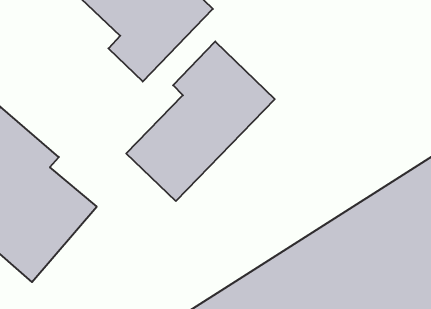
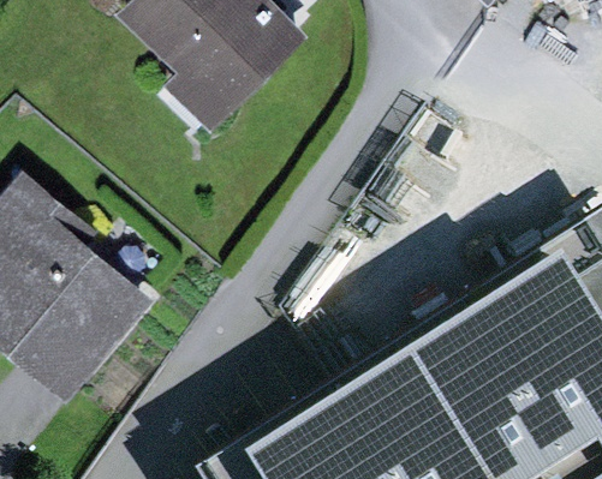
building: [126,41,275,201] -> none

